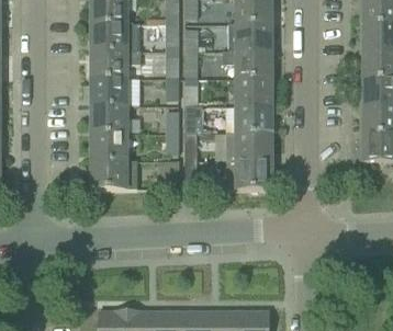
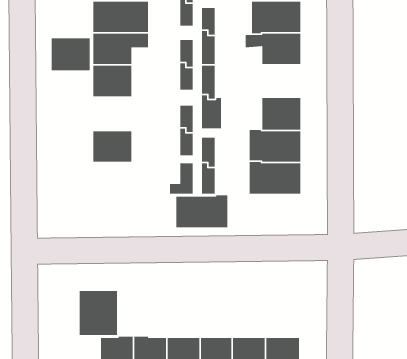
building: [236,78,270,105] -> none
building: [91,105,125,134] -> [51,38,91,71]
building: [91,160,136,189] -> [176,195,228,228]
building: none -> [79,290,118,336]

